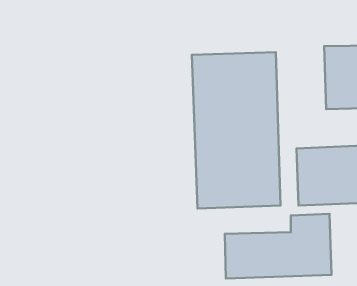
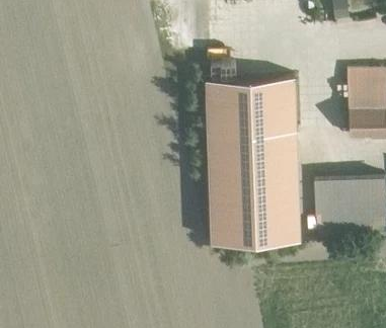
building: [225,214,331,278] -> none

